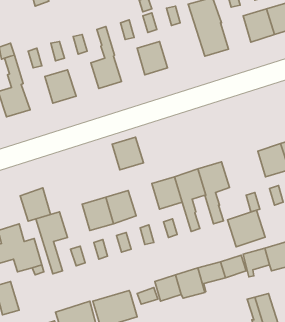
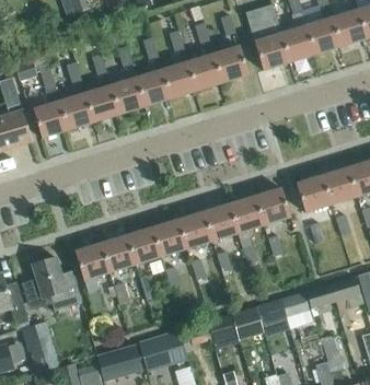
building: none -> [280,24,314,61]
building: none -> [212,45,247,82]
building: none -> [161,60,196,97]
building: none -> [109,77,144,114]
building: none -> [58,92,93,129]
building: [112,137,143,170] -> [177,211,212,247]
building: none -> [296,175,331,211]
building: [20,188,51,221] -> [101,234,135,271]
building: [227,210,265,247] -> none

